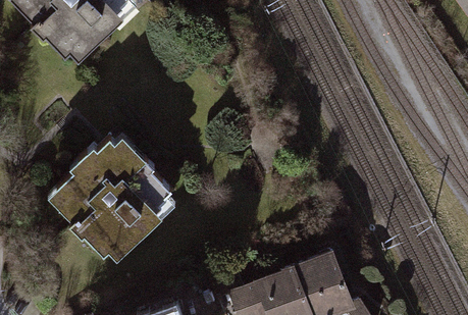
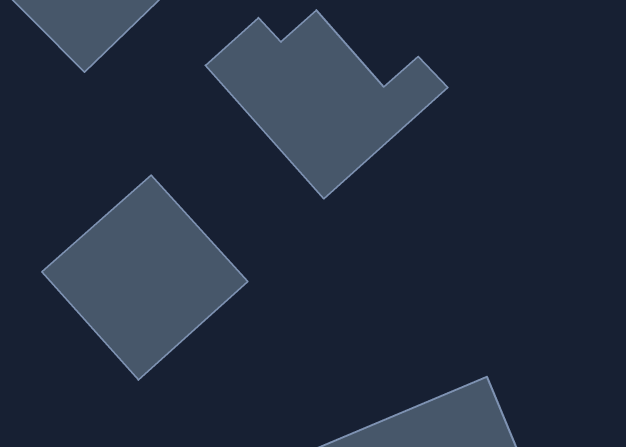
building: none -> [205,10,448,199]

